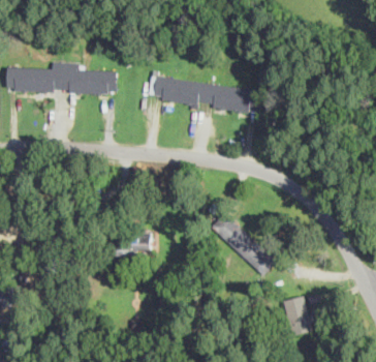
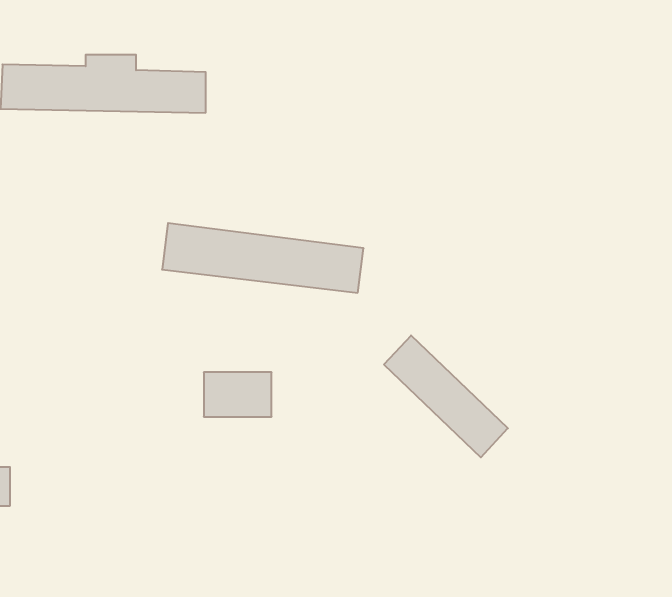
building: [153,76,260,113] -> [162,223,364,293]
building: [283,296,312,335] -> none

